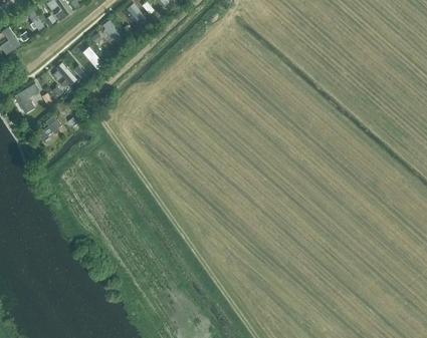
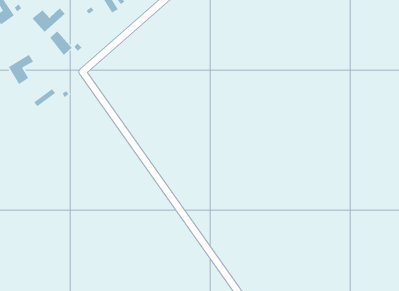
building: none -> [32,7,66,33]

